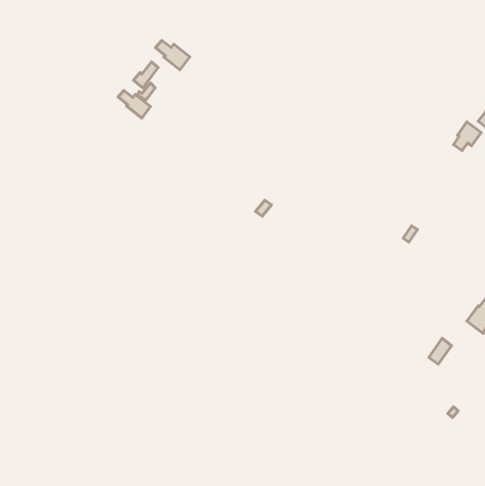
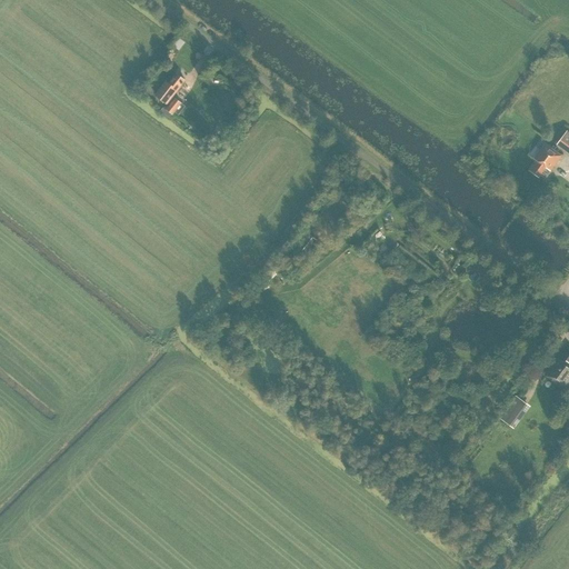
building: [156,40,190,70] -> none
building: [118,90,151,118] -> none

